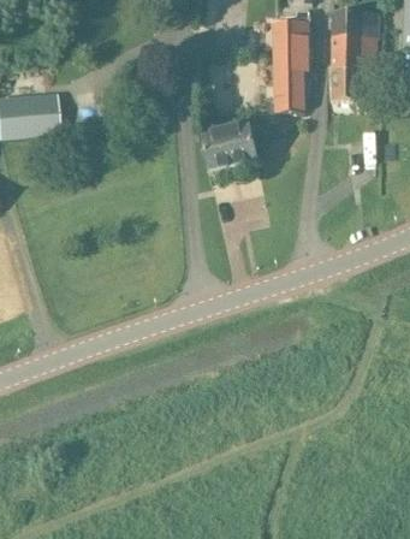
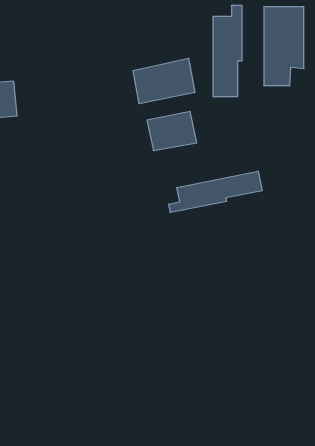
building: none -> [133,58,195,104]
building: none -> [169,171,262,213]

